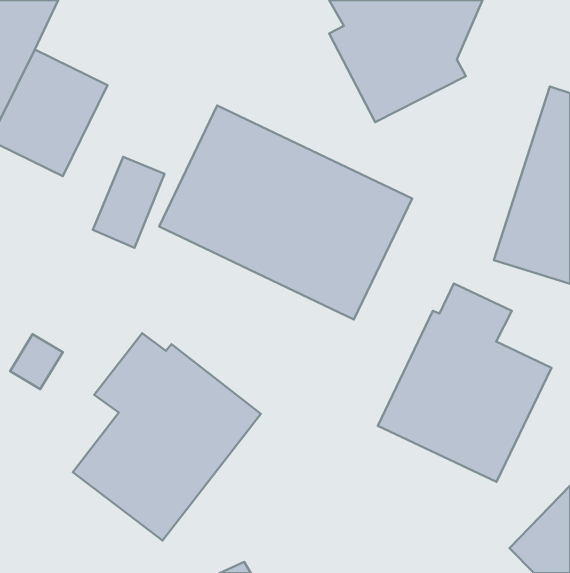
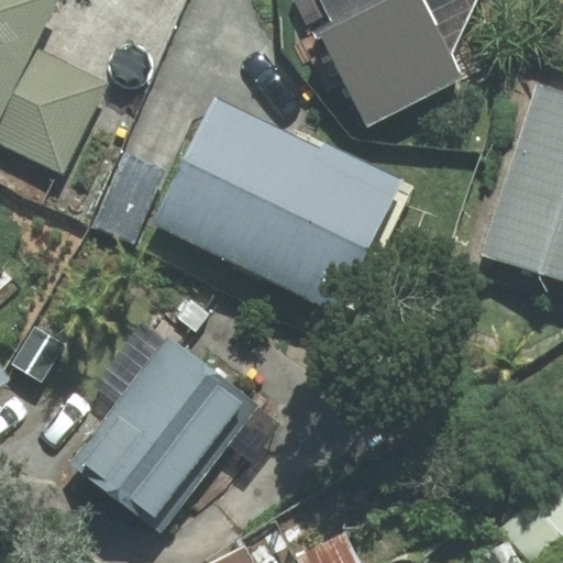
building: [378,284,552,482] -> none

